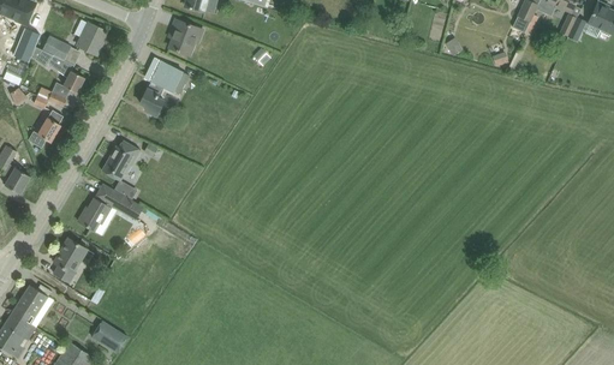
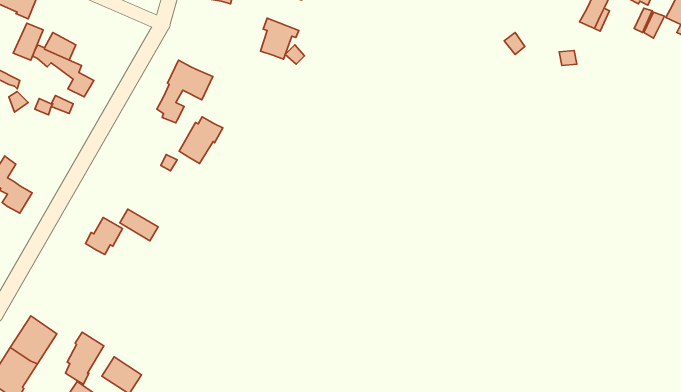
building: [73,18,107,54] -> none
building: [168,19,202,55] -> [260,18,299,59]
building: [26,109,62,148] -> none
building: [101,140,139,181] -> [179,117,223,163]
building: [53,238,87,283] -> [66,332,104,384]

